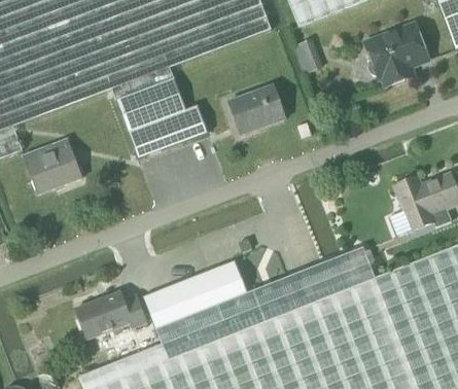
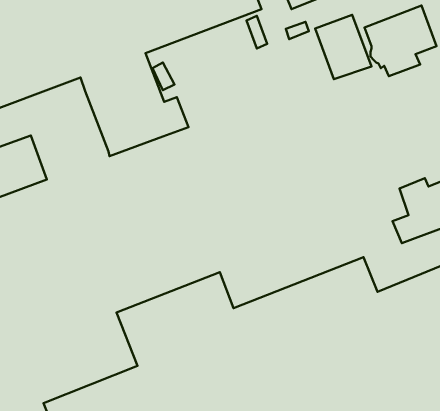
building: none -> [315,15,372,79]
building: [227,84,285,135] -> none
building: [75,292,146,339] -> none

